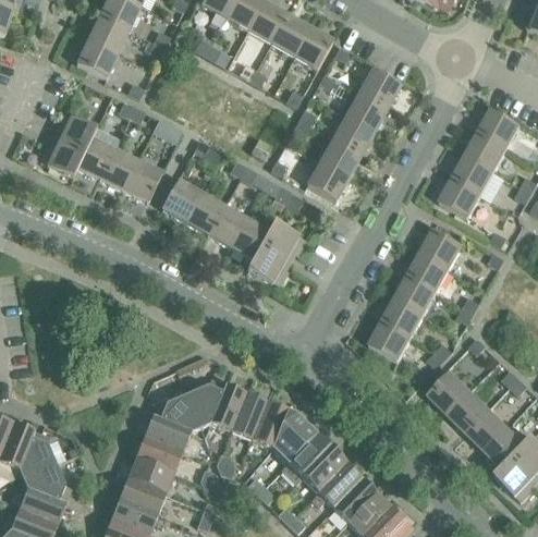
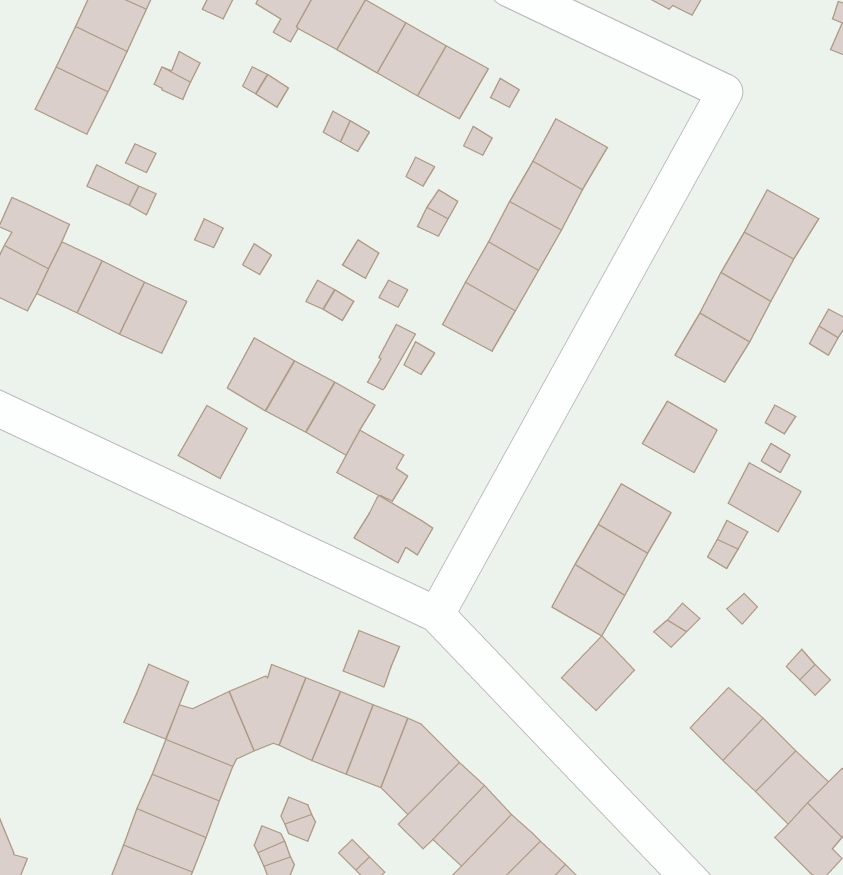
building: [161,180,200,221] -> [178,405,247,479]
building: [260,221,305,259] -> [354,495,433,563]
building: [408,253,450,292] -> [728,463,801,532]
building: none -> [343,630,400,687]
building: [428,371,469,414] -> [561,636,635,711]
building: none -> [124,664,188,739]

